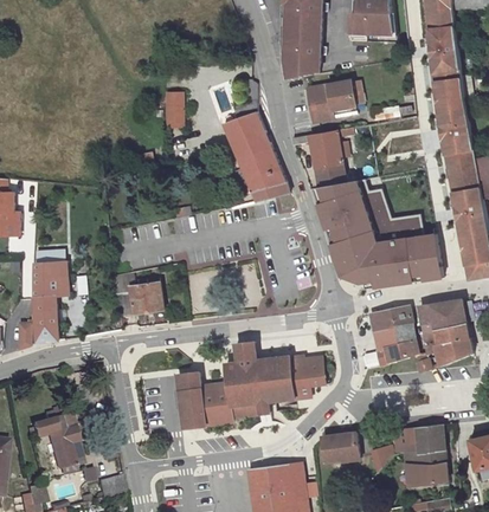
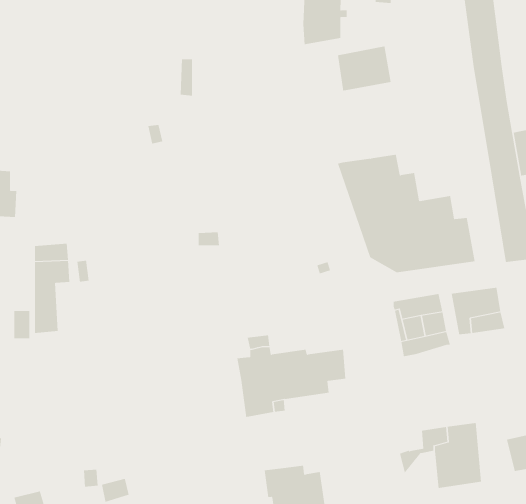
building: [221,111,288,200] -> none
building: [289,127,352,186] -> none
building: [116,279,161,316] -> none
building: [414,338,471,371] -> none
building: [178,372,230,429] -> none
building: [31,419,76,468] -> none
building: [321,434,358,462] -> none

